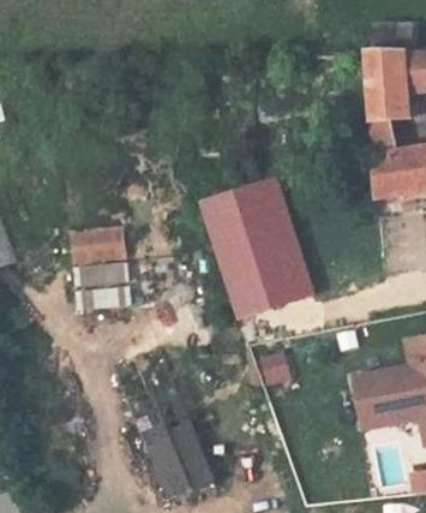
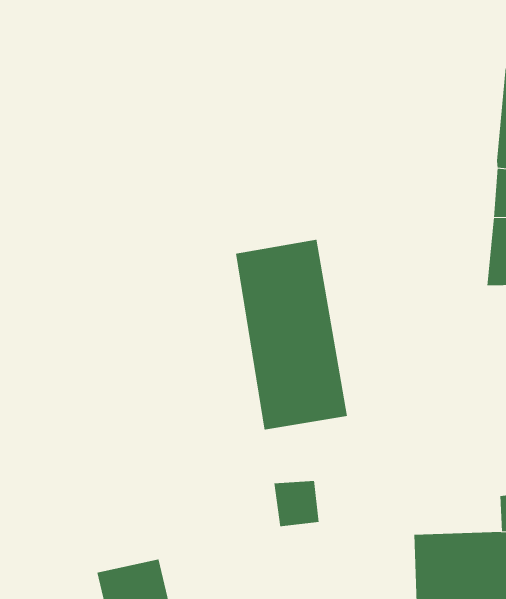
building: [70,226,124,306] -> none

